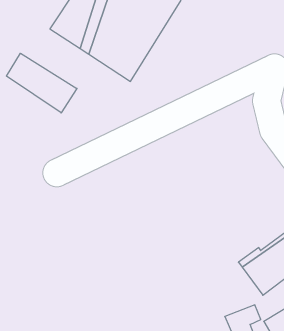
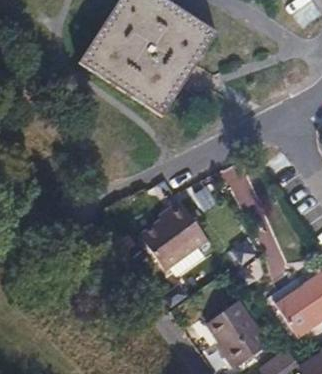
building: [6,53,77,113] -> none
building: none -> [142,196,204,260]
building: none -> [205,306,264,365]

